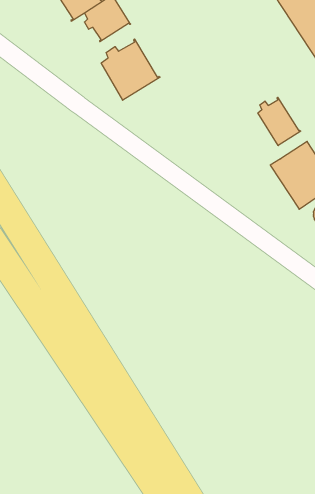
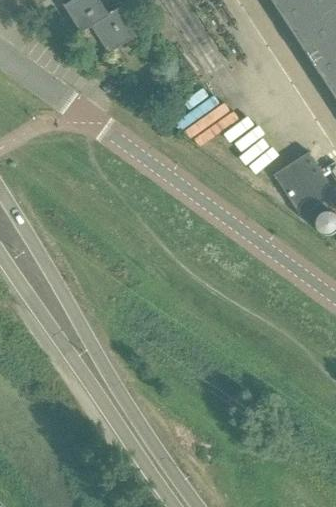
building: [101,39,160,100] -> none
building: [258,97,301,146] -> none

